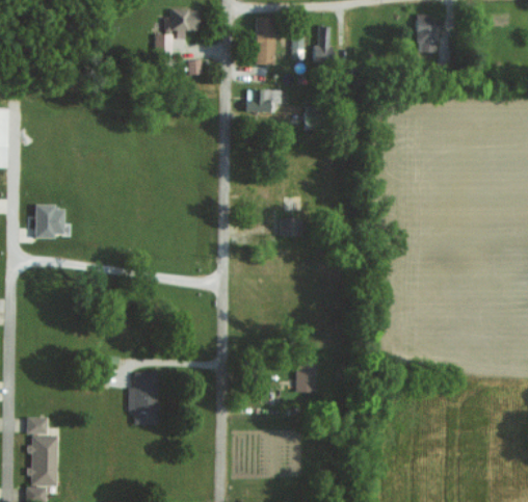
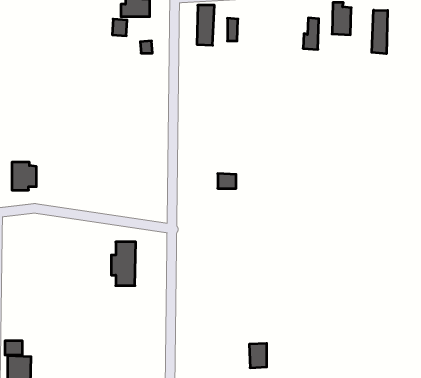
building: none -> [372,10,388,54]
building: [313,26,332,63] -> [303,18,319,49]
building: [247,89,281,113] -> none
building: [295,364,316,393] -> [249,343,267,368]
building: [129,372,158,424] -> [111,242,136,286]

